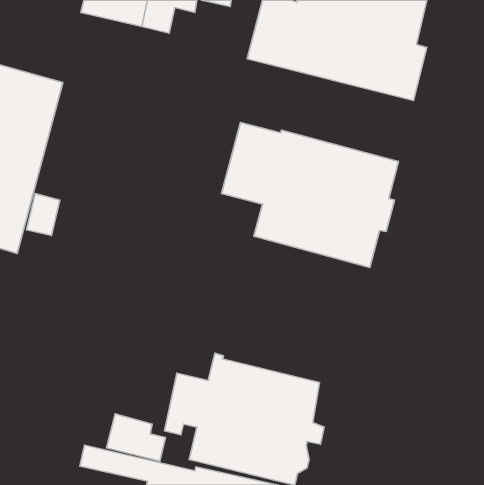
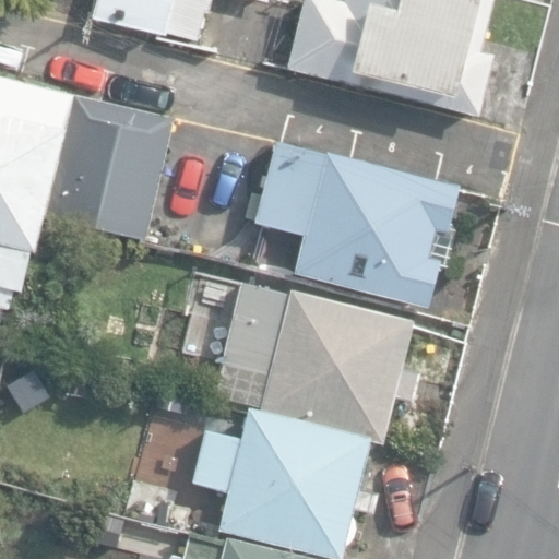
building: none -> [44,95,173,241]
building: none -> [218,280,418,443]

